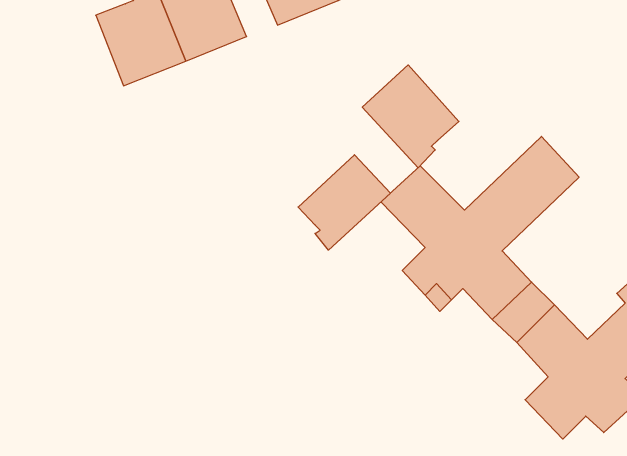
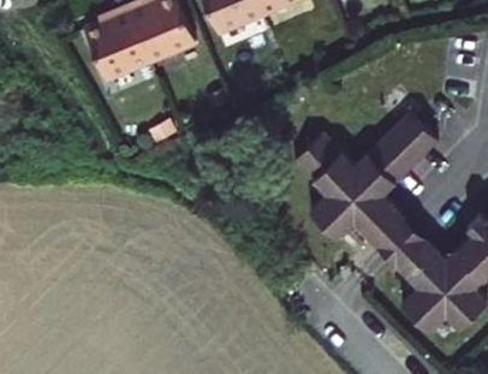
building: [362,65,459,168] -> none
building: [298,155,390,250] -> none

